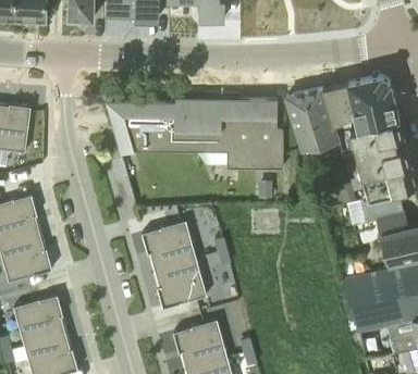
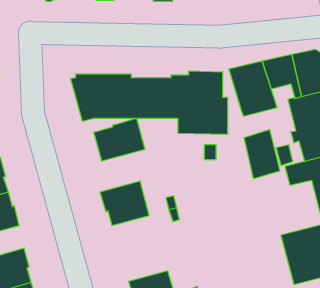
building: none -> [94,118,145,161]
building: none -> [244,130,279,179]
building: [155,259,207,308] -> none

